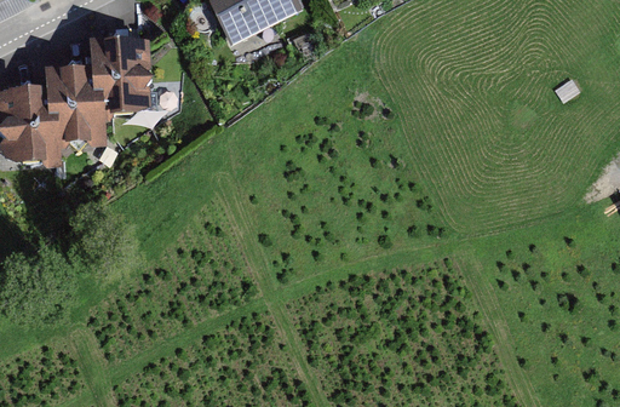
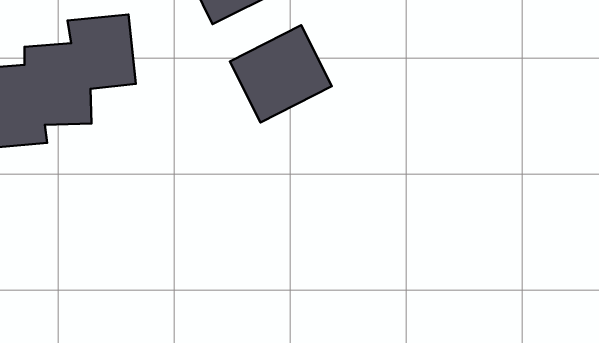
building: none -> [230,25,332,122]

